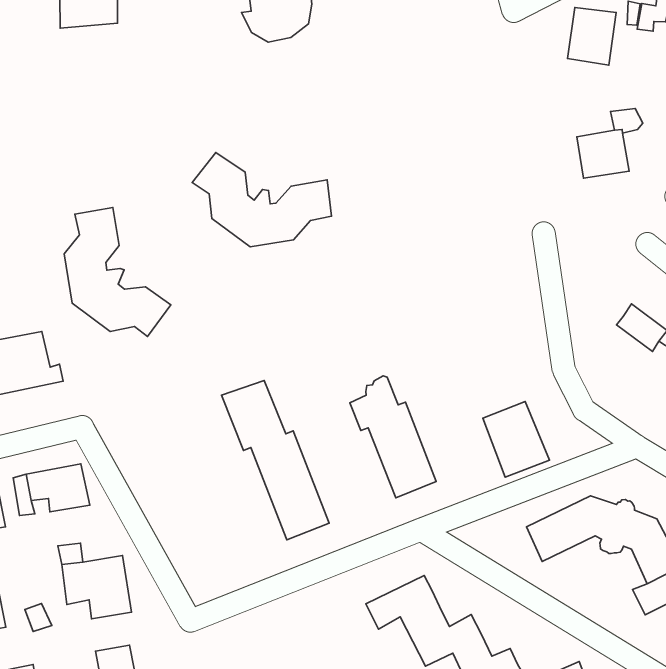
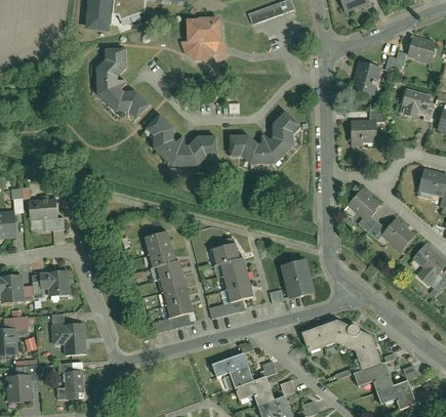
building: none -> [230,110,297,162]
building: [64,208,171,337] -> [94,44,148,115]
building: none -> [348,194,378,224]

